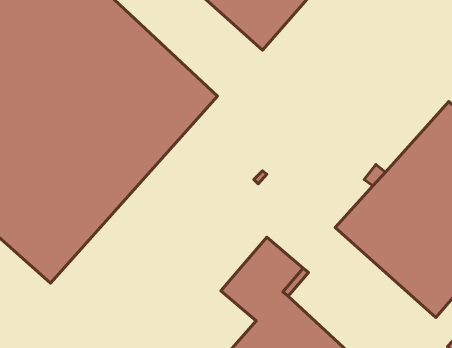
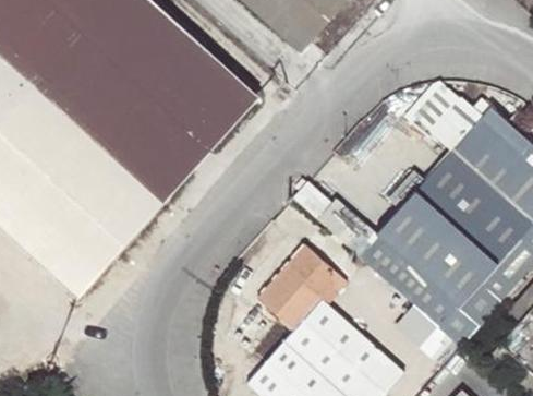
building: none -> [358,235,477,346]

